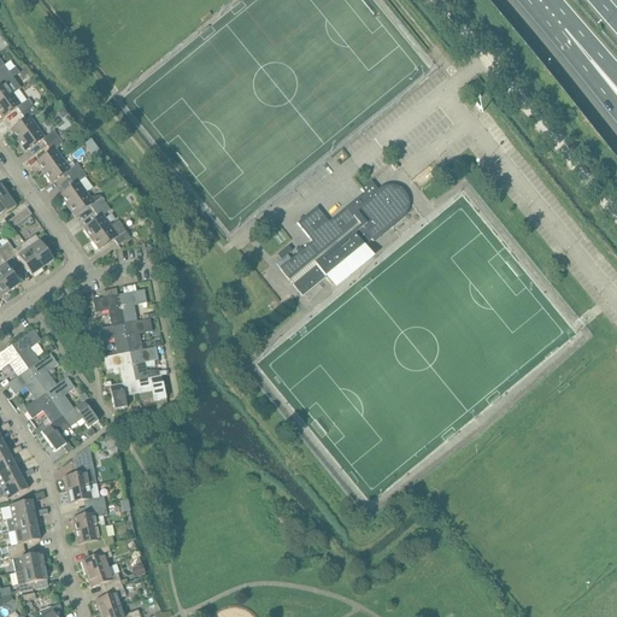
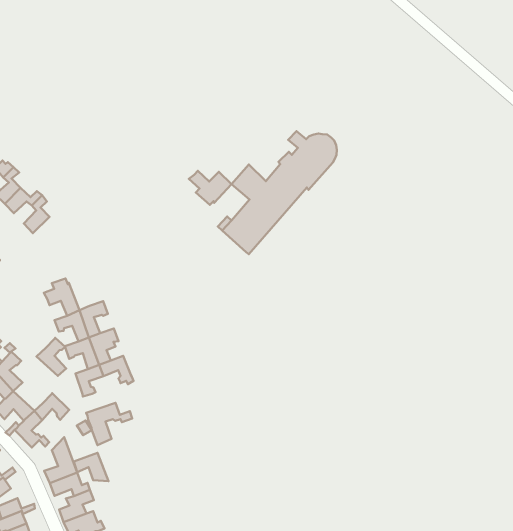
building: none -> [189,171,231,205]
building: [90,219,129,248] -> none
building: [118,284,146,322] -> none
building: [45,376,75,415] -> [36,338,66,376]
building: none -> [86,403,132,445]
building: none -> [74,453,108,481]

